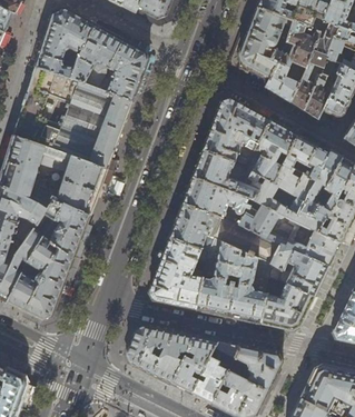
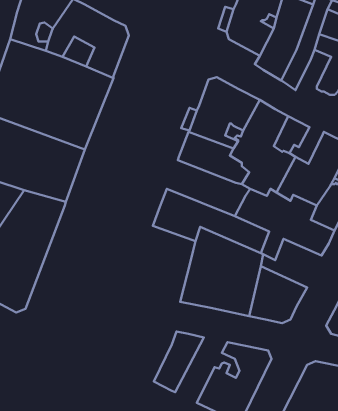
building: [304,73,337,120] -> none
building: [298,146,329,180] -> none
building: [184,177,257,229] -> none
building: [150,238,210,309] -> none
building: [272,250,328,296] -> none
building: [126,326,193,384] -> none
building: [191,342,240,404] -> none

